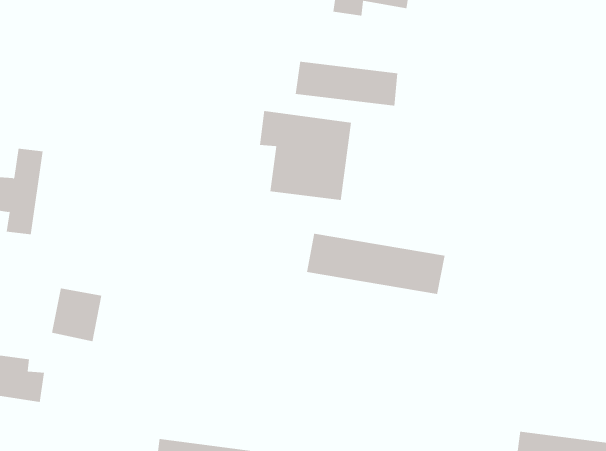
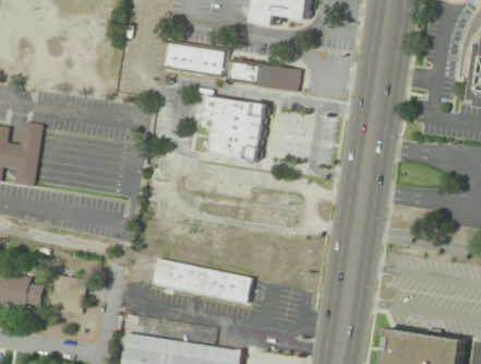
building: none -> [164,43,226,78]
building: [306,233,445,295] -> [153,259,254,304]
building: [51,288,102,342] -> [50,275,87,315]

